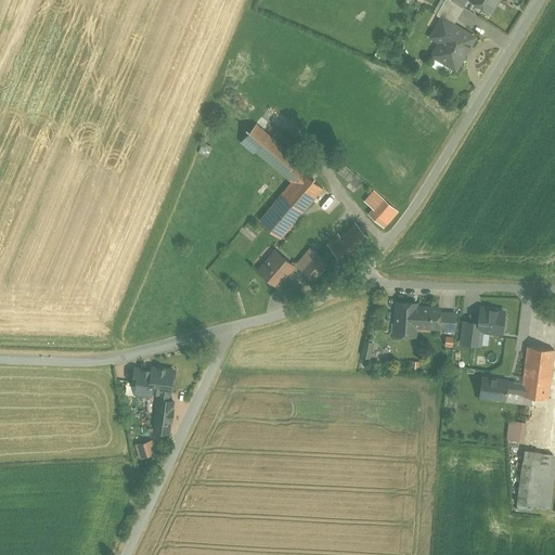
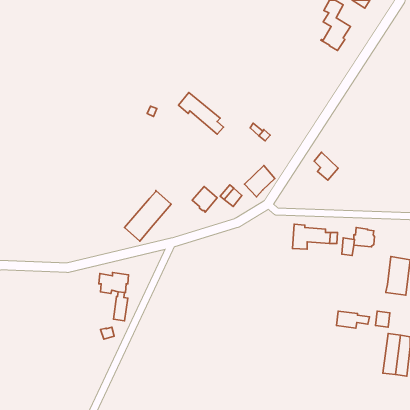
building: [259,171,322,240] -> [125,191,171,241]
building: [364,191,397,229] -> [314,152,338,180]
building: [478,377,522,400] -> [337,311,370,328]

